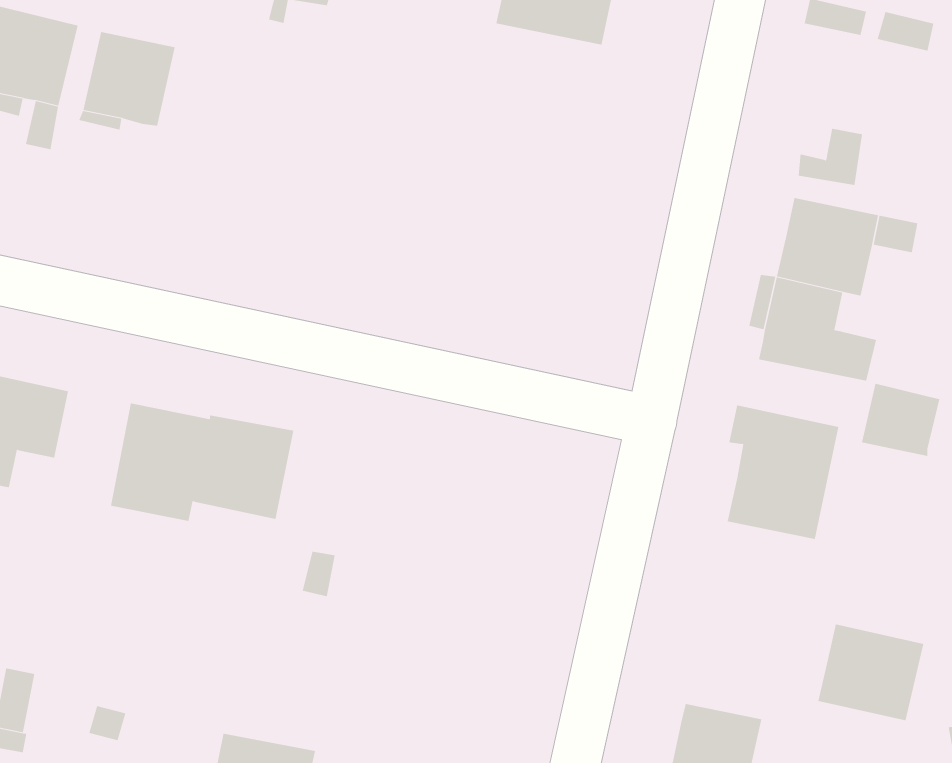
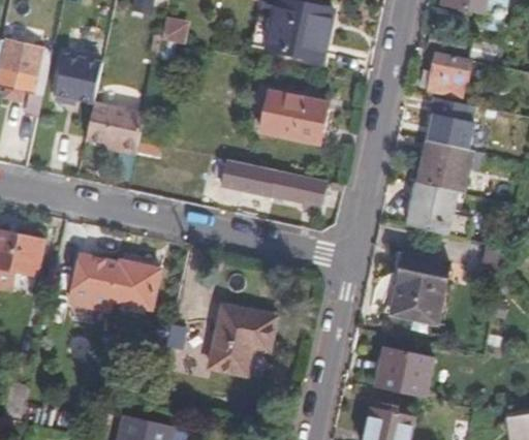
building: none -> [415,56,489,96]
building: none -> [261,90,326,142]
building: none -> [84,103,144,156]
building: none -> [219,161,322,208]
building: none -> [212,306,275,373]
building: [817,624,924,721] -> [374,346,430,397]

